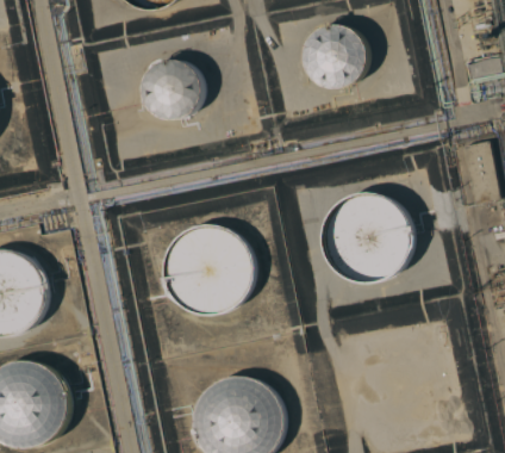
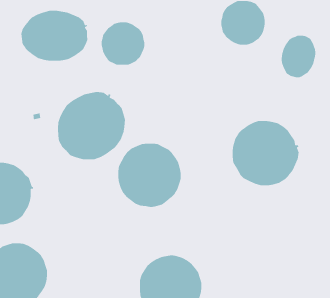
building: none -> [21,10,88,61]
building: none -> [281,35,316,78]
building: none -> [57,91,126,160]

